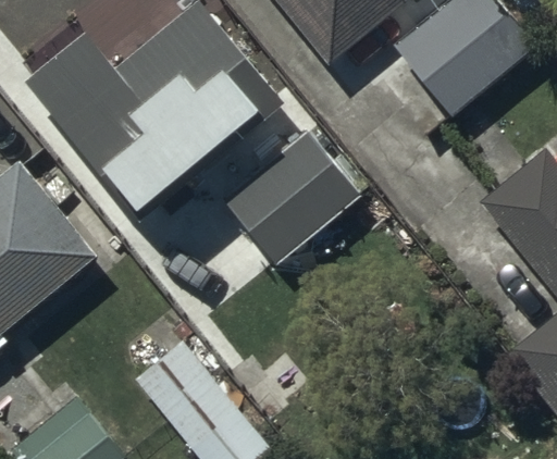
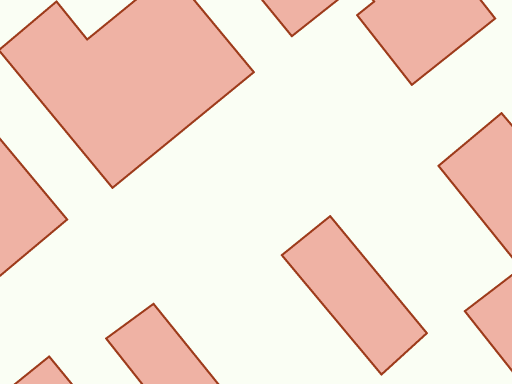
building: [222,124,394,263] -> none
building: none -> [282,216,427,374]

